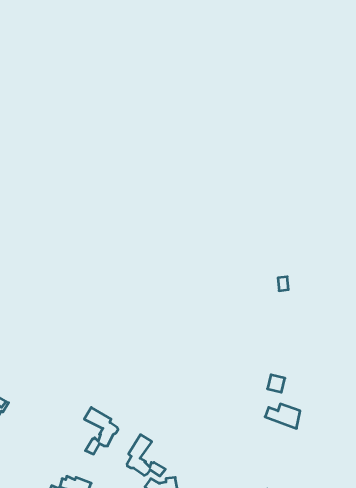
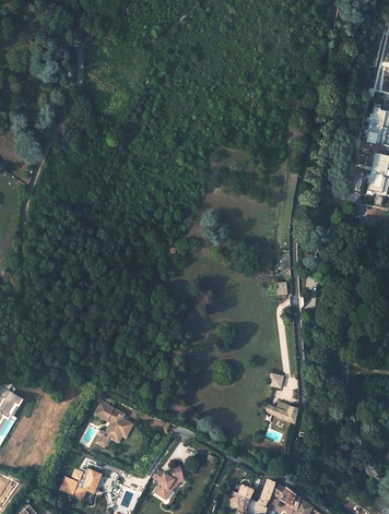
building: [127,435,165,476] -> none

